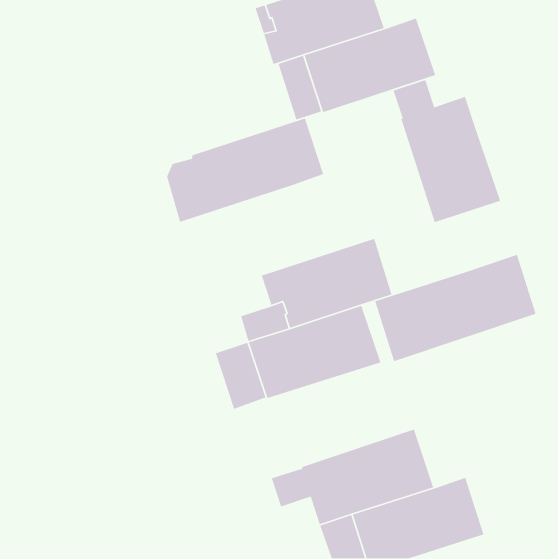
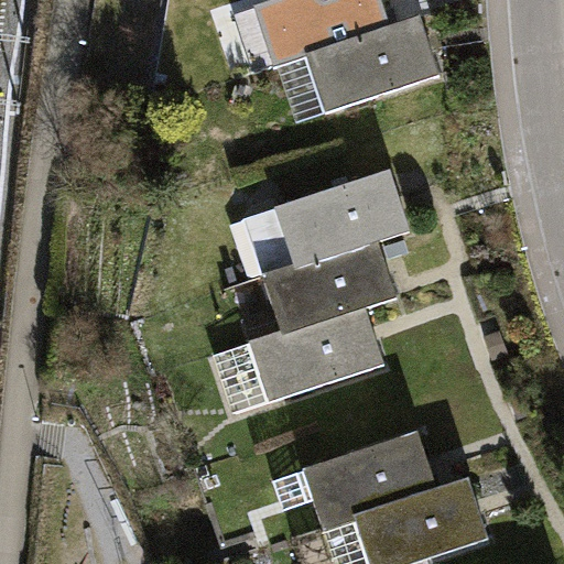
building: [392,79,501,223] -> none
building: [166,117,324,223] -> [249,171,408,276]
building: [374,254,536,362] -> none

